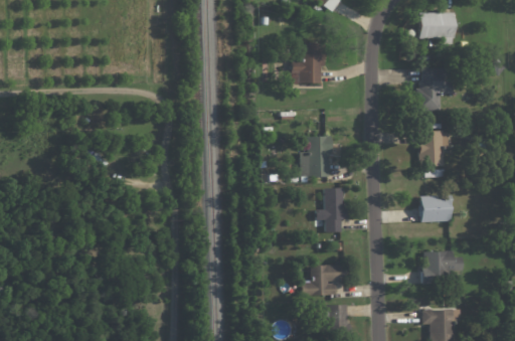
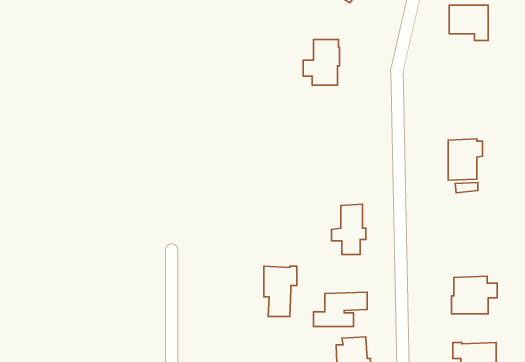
building: [416,67,454,111] -> none
building: [300,136,331,178] -> none
building: [419,195,452,222] -> none
building: none -> [264,266,297,316]

